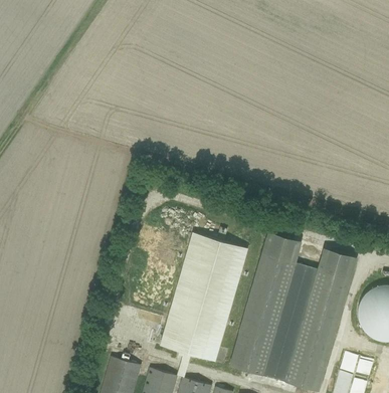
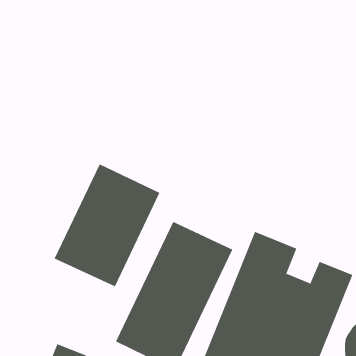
building: none -> [54,163,160,287]

